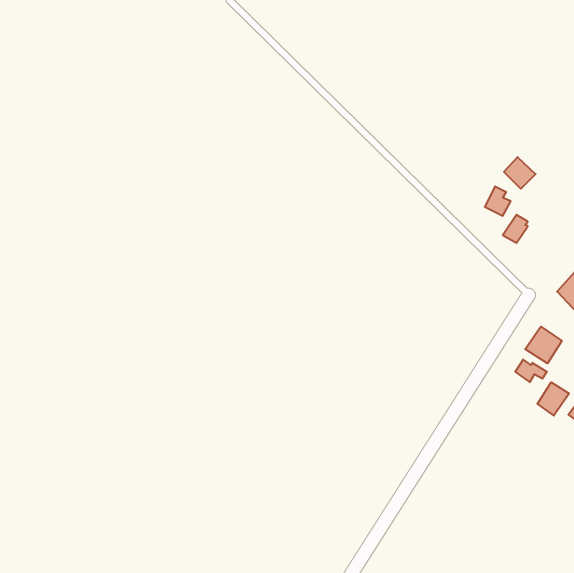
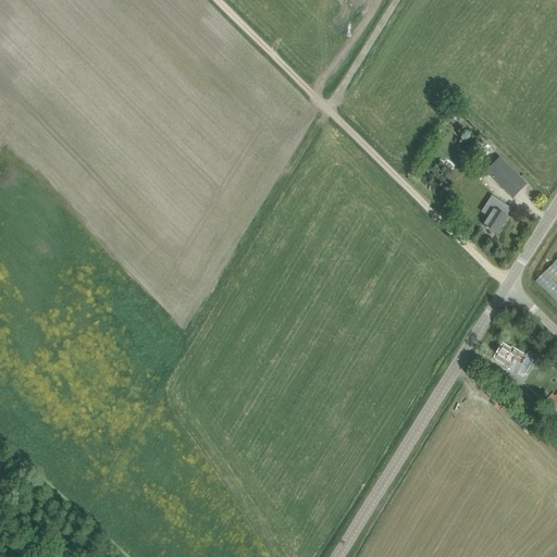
building: [525,327,562,363] -> none
building: [537,382,569,416] -> none

